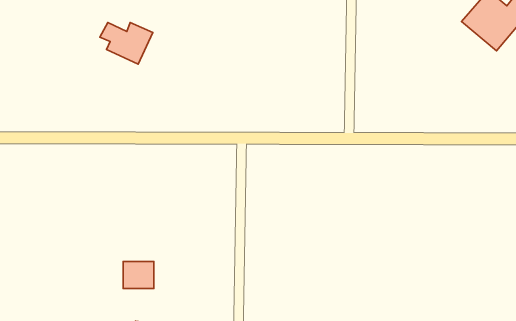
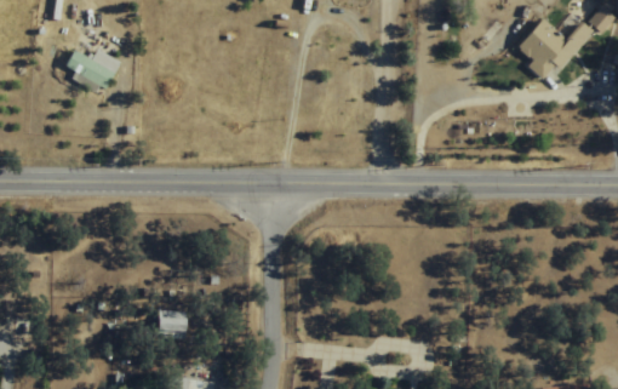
building: [100,22,153,64] -> [63,50,120,95]

